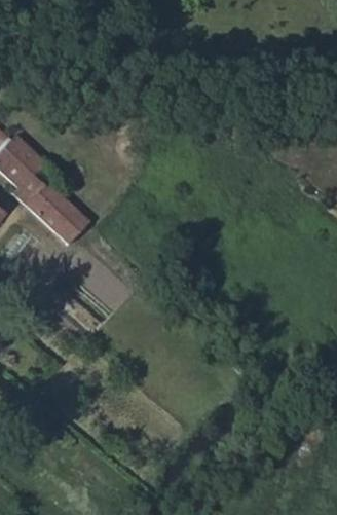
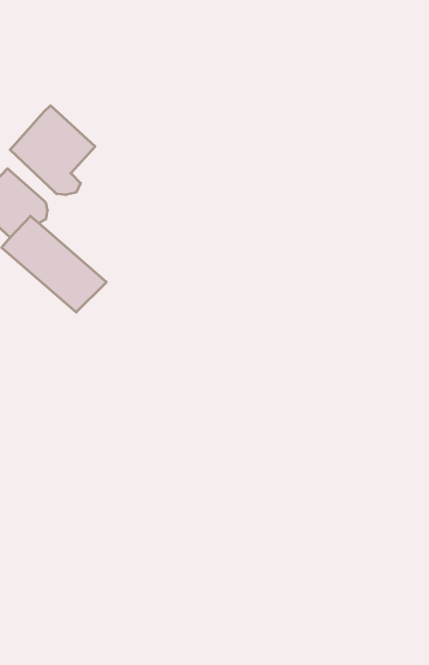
building: none -> [10,106,95,195]

